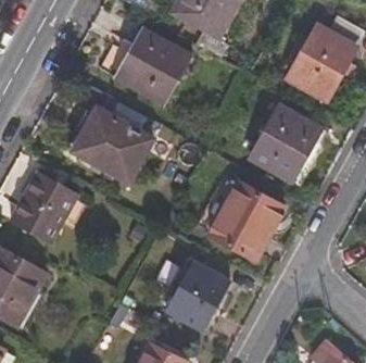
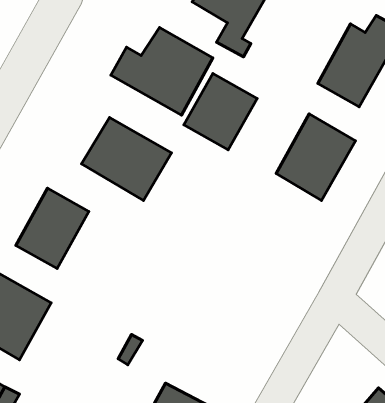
building: none -> [184,73,257,150]
building: [211,186,278,260] -> none
building: [169,265,227,329] -> none

